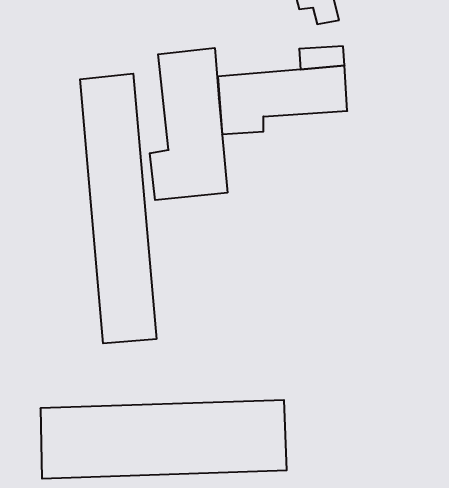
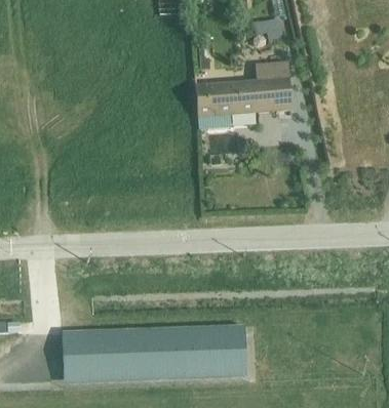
building: [150,48,227,200] -> none
building: [80,74,156,343] -> none

